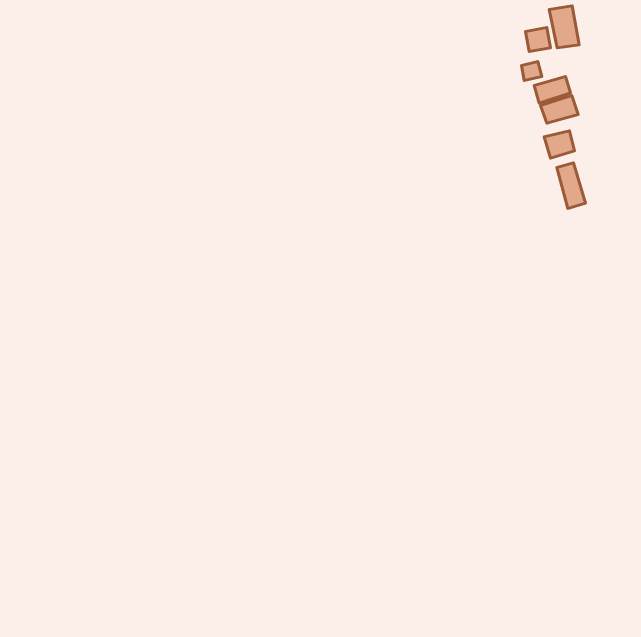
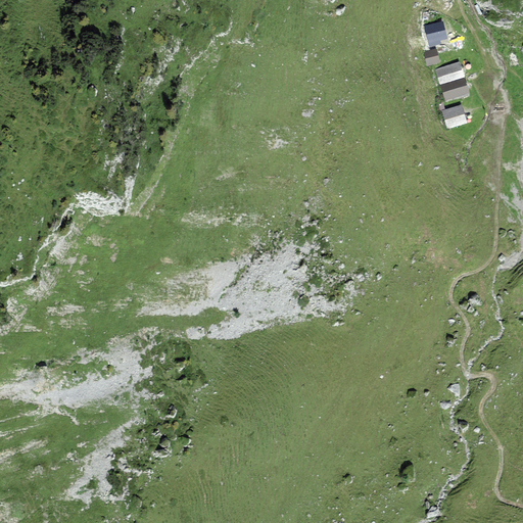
building: [549,6,579,48] -> none
building: [557,163,585,208] -> none

